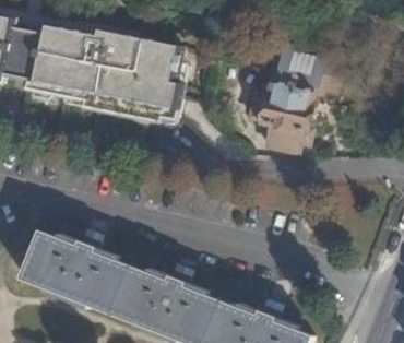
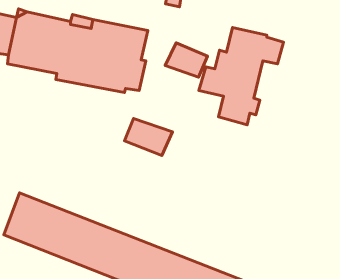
building: none -> [165,43,207,77]
building: none -> [125,119,173,156]

